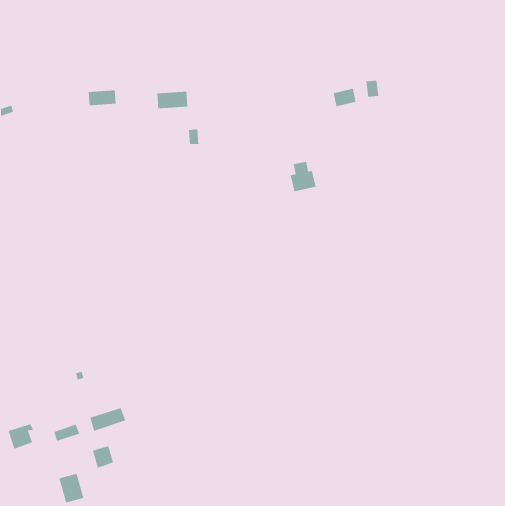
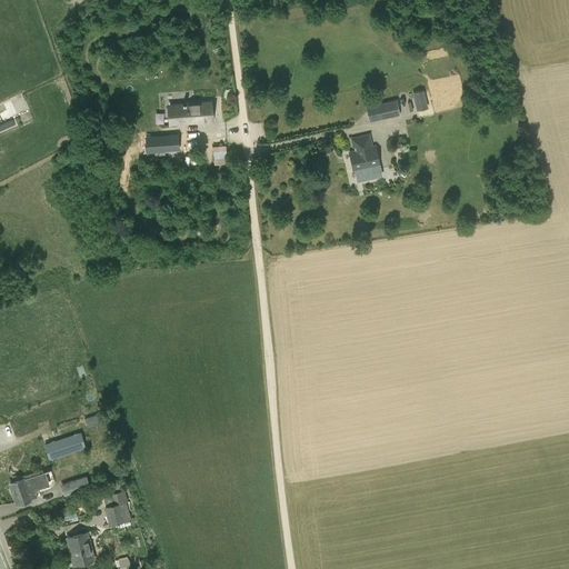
building: [88,90,116,106] -> [148,133,180,151]
building: [290,161,317,192] -> [350,137,380,171]
building: [89,408,126,431] -> [46,432,87,459]

